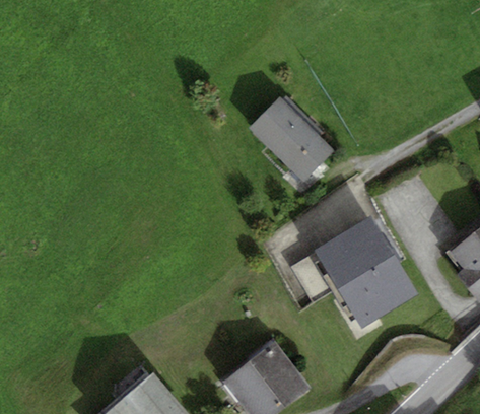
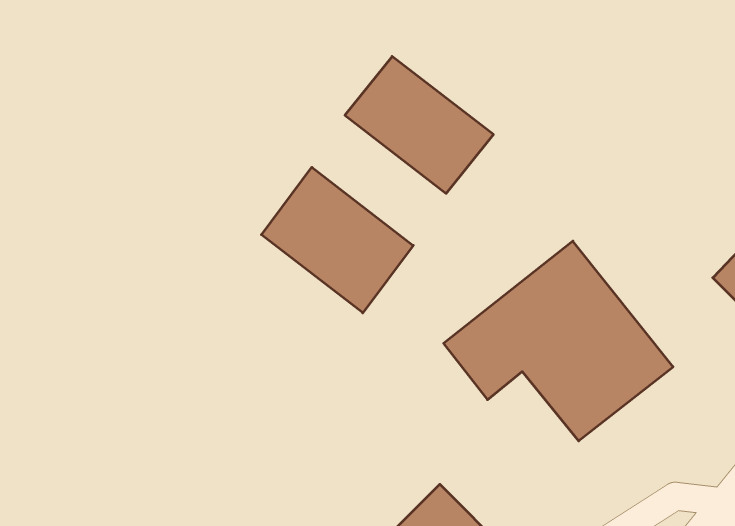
building: none -> [261,167,413,313]

